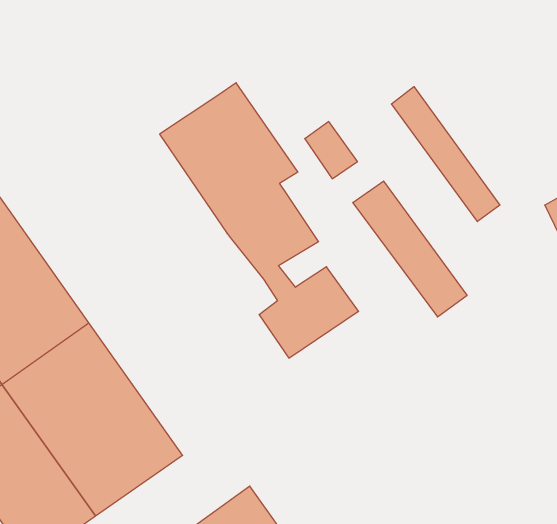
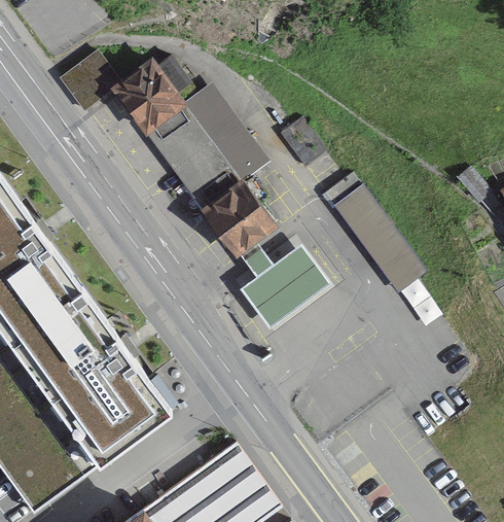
building: none -> [63,48,199,128]
building: [391,87,500,222] -> none

